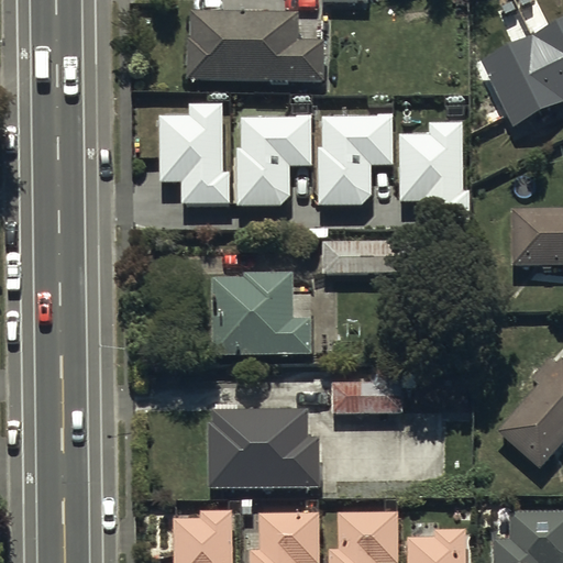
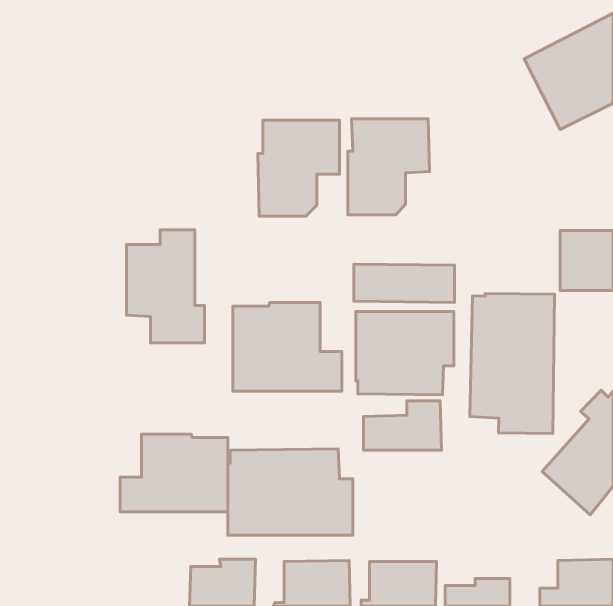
building: [189,13,325,84] -> none
building: [158,97,230,200] -> [127,230,205,343]
building: [399,114,472,218] -> none
building: none -> [470,293,555,434]
building: none -> [356,312,454,395]
building: none -> [120,434,228,512]

